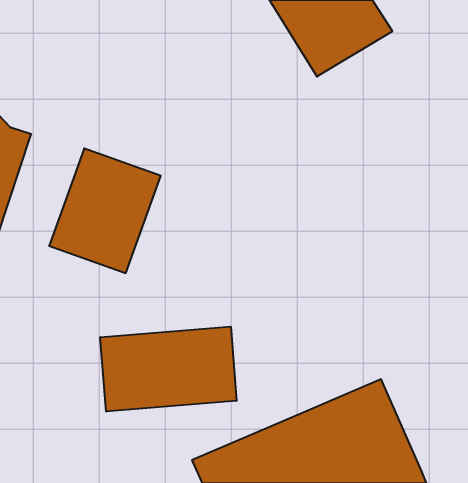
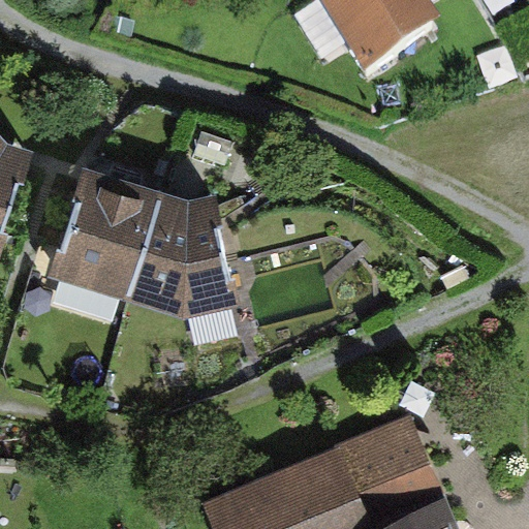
building: none -> [137,192,245,315]
building: [100,327,237,412] -> none

